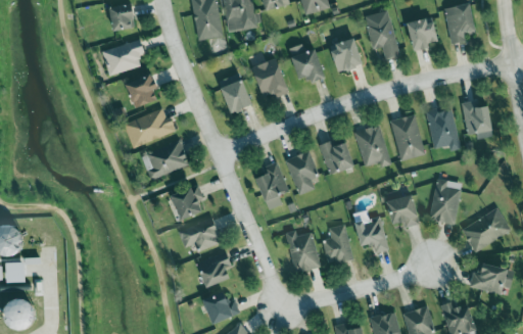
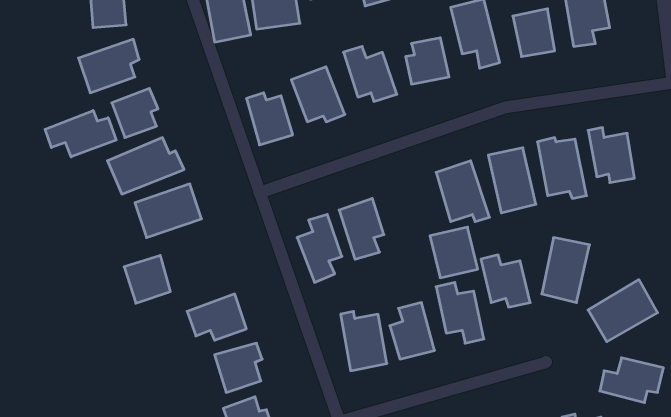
building: none -> [45,110,116,157]
building: [320,138,353,174] -> [430,227,478,278]
building: [172,186,204,220] -> [124,255,170,303]

